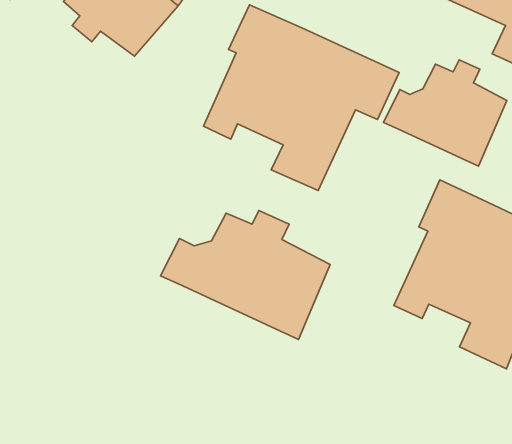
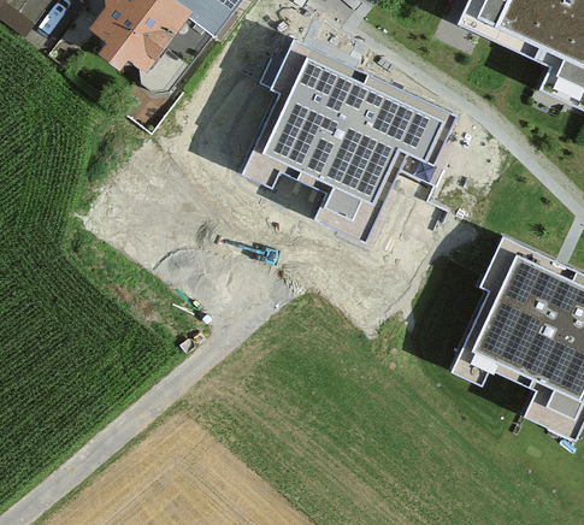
building: [383,60,507,166] -> none
building: [161,210,330,339] -> none

